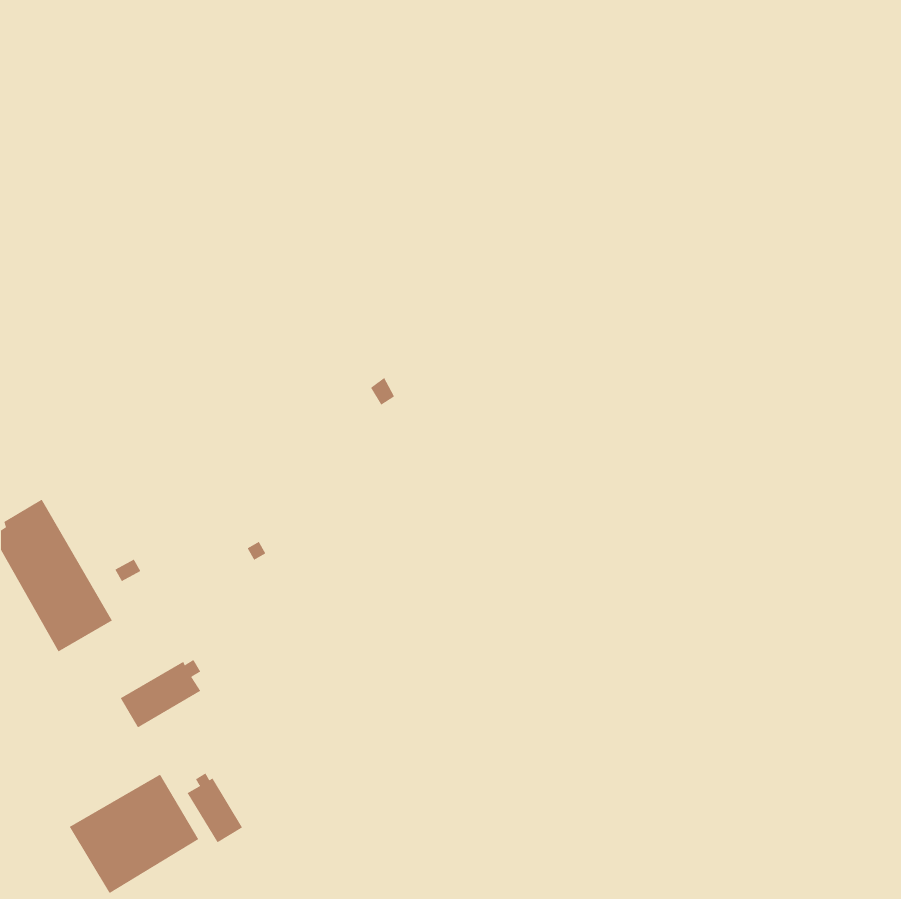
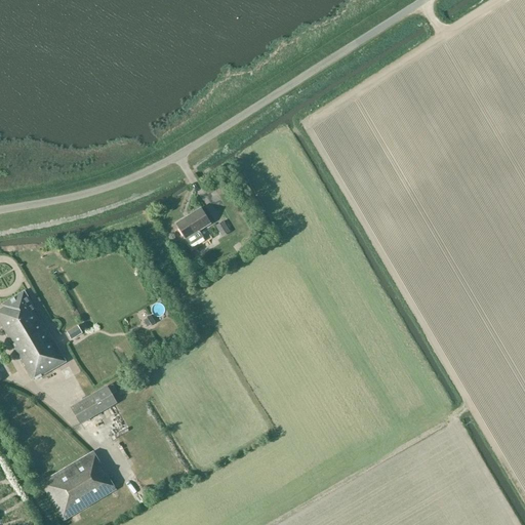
building: none -> [177,207,210,245]
building: [187,772,243,843] -> none

